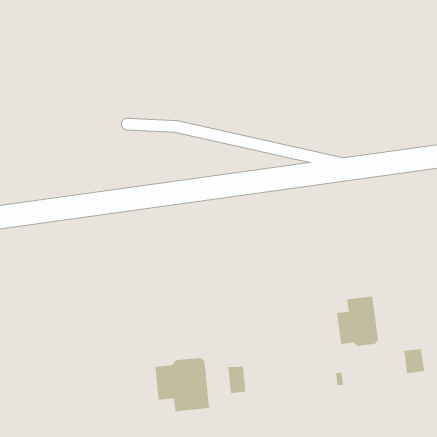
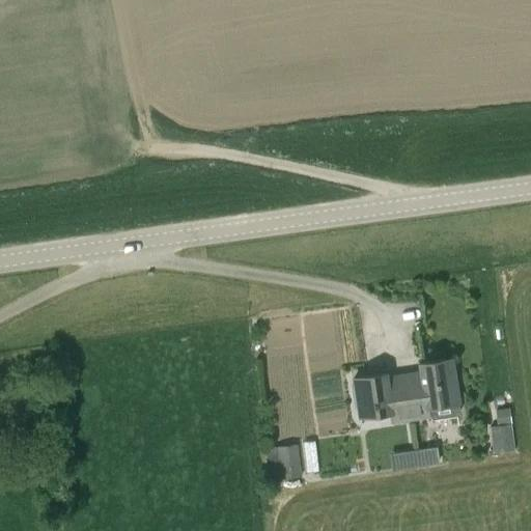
building: none -> [355,373,413,421]
building: [155,357,209,412] -> none

